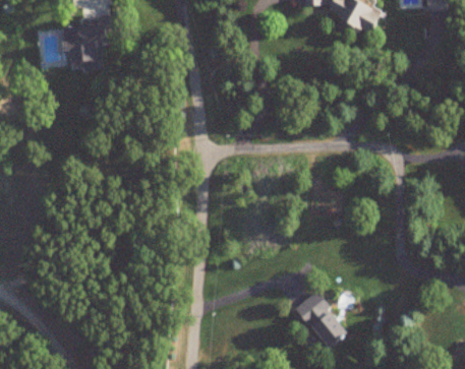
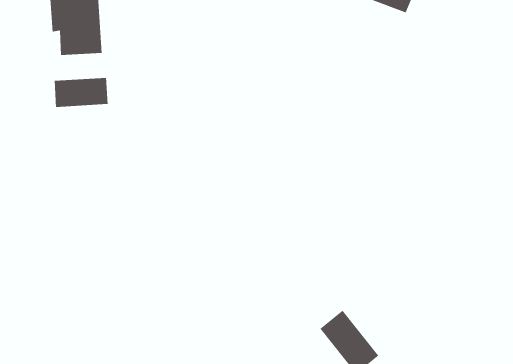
building: none -> [54,77,108,108]

